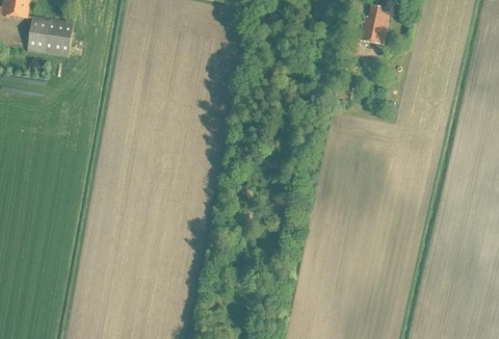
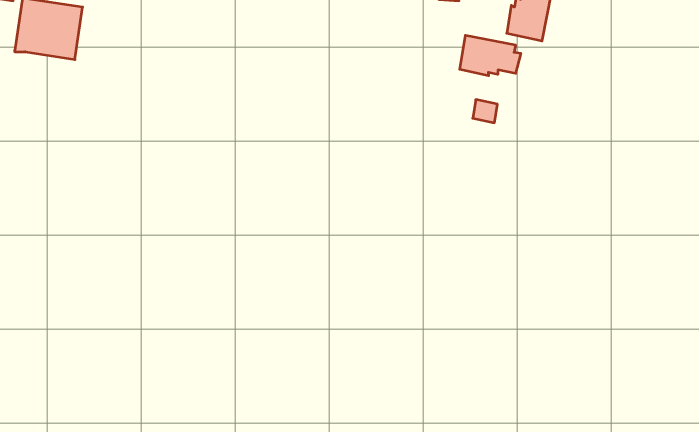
building: none -> [460,35,521,76]

